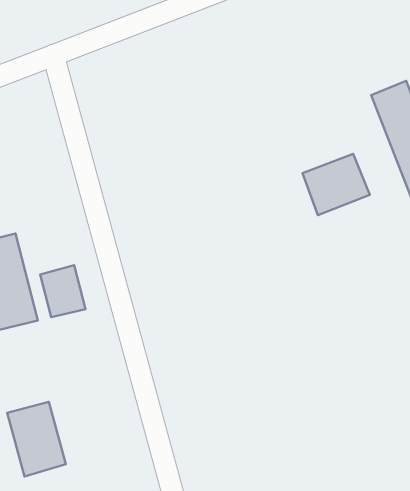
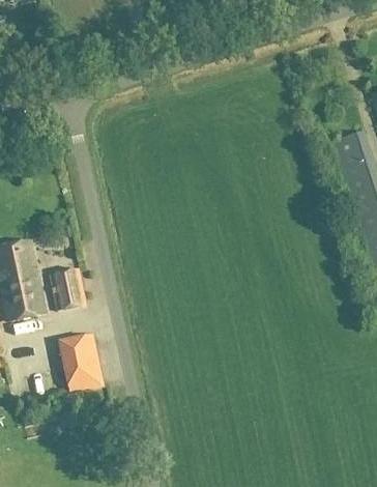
building: [302,154,370,215] -> none
building: [7,402,66,476] -> [58,332,105,393]

